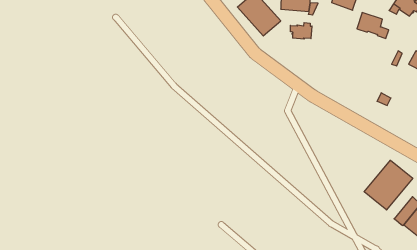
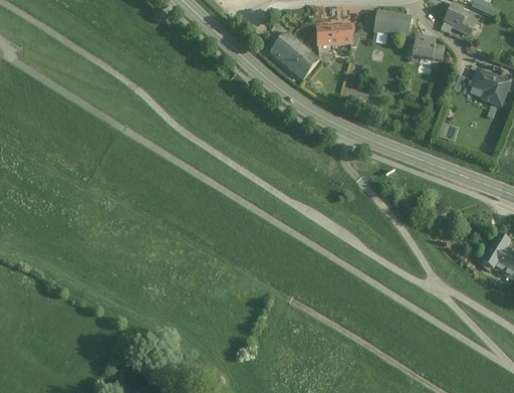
building: [290,23,312,39] -> none
building: [364,160,413,210] -> none

